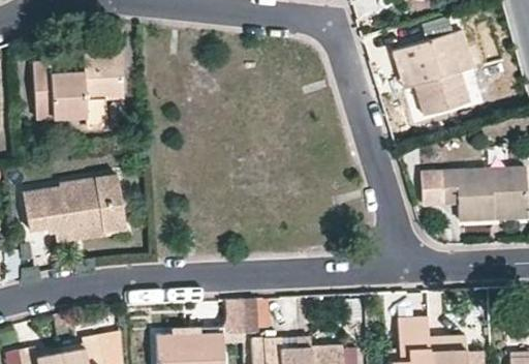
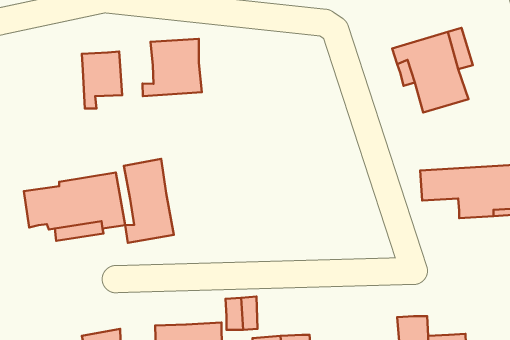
building: none -> [142,39,202,96]
building: [33,62,86,117] -> none
building: none -> [124,159,174,243]

